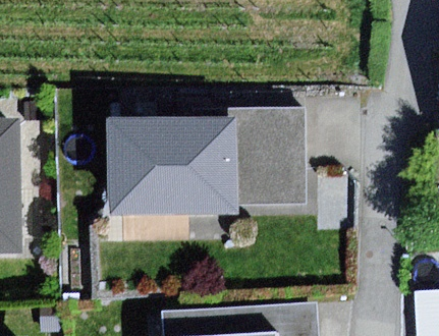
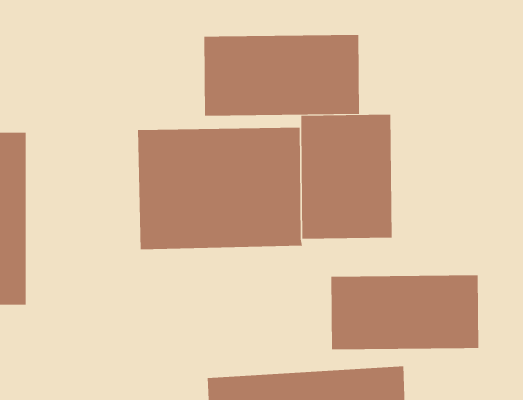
building: none -> [204,34,359,116]
building: none -> [331,274,479,350]

